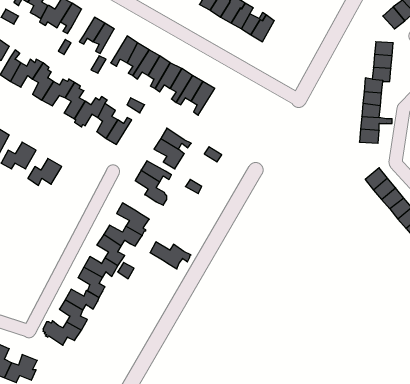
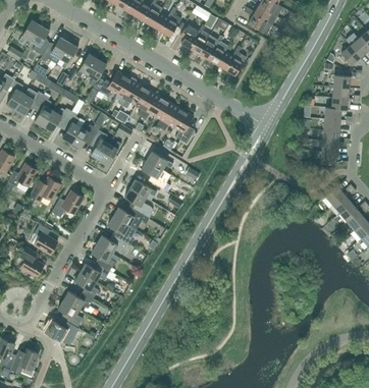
building: none -> [51,190,84,217]
building: none -> [34,224,57,254]
building: none -> [20,246,44,277]
building: [150,242,191,269] -> [113,207,149,230]

